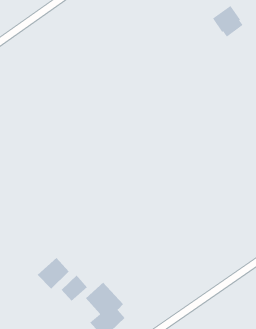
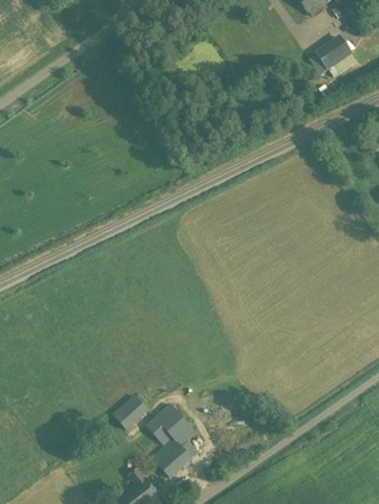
building: [37,257,70,289] -> none

